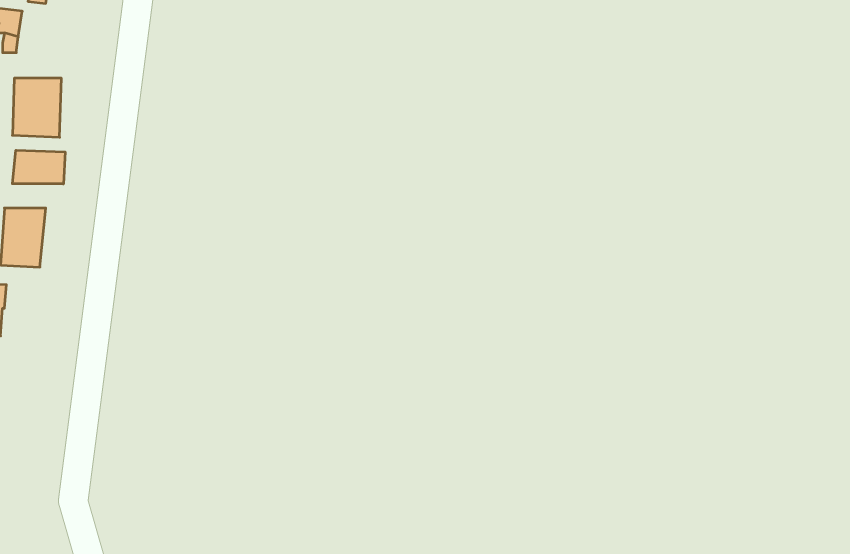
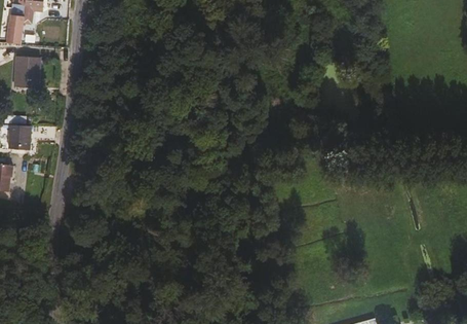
building: [12,150,65,184] -> none

